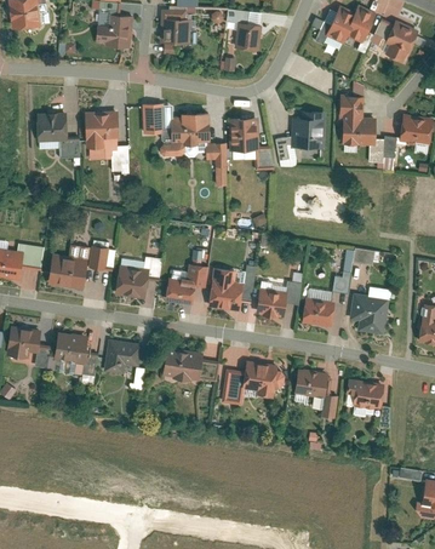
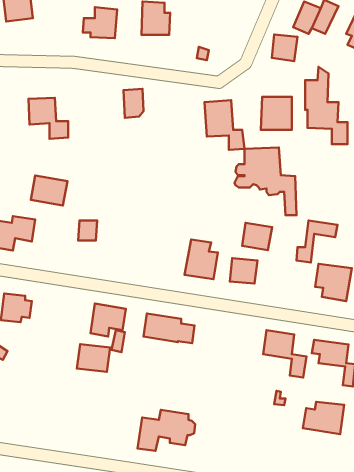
building: [235,22,263,51] -> [272,35,297,61]
building: [84,110,119,148] -> none
building: [160,111,228,185] -> [234,148,296,215]
building: [47,256,87,288] -> [31,176,67,205]
building: [114,257,161,299] -> none
building: [165,264,208,304] -> none
building: [303,297,336,327] -> [242,223,272,250]
building: [52,332,88,362] -> [77,344,110,372]
building: [222,360,285,405] -> [138,410,195,451]
building: none -> [303,402,344,434]

